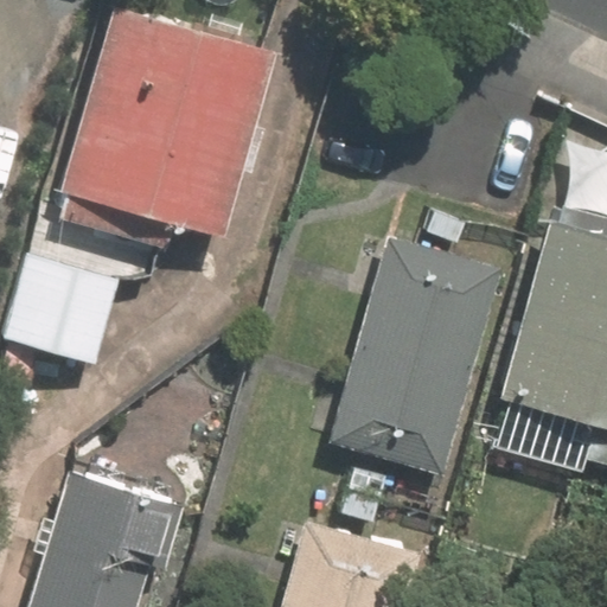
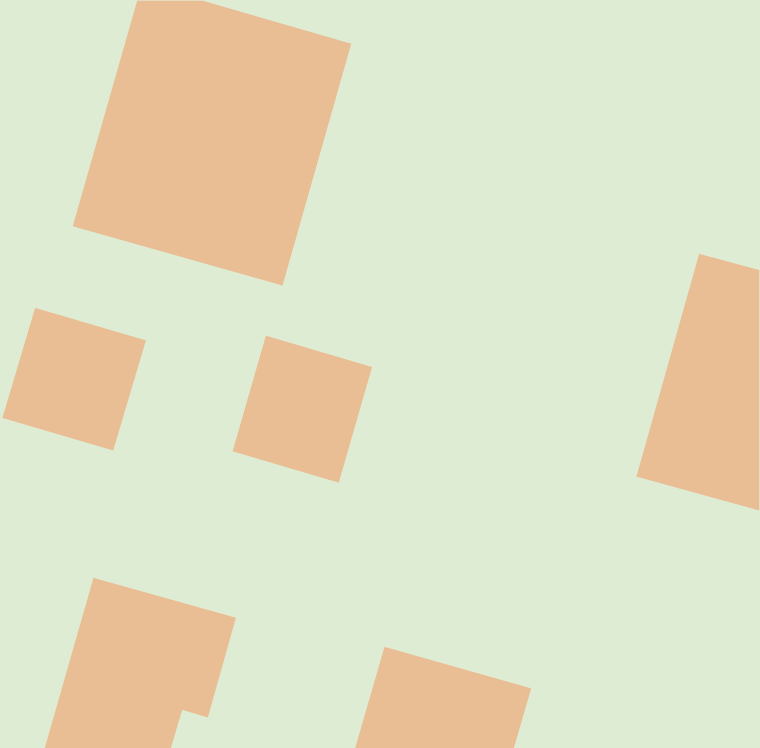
building: [327,236,504,475] -> none
building: none -> [232,335,373,483]

